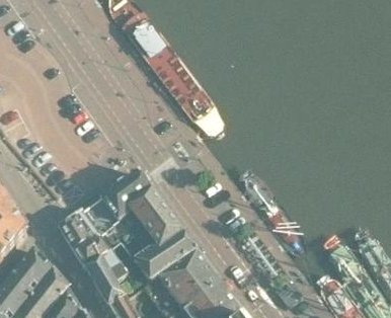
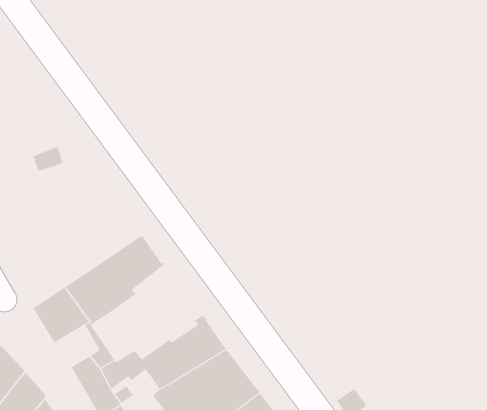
building: [101,192,181,262] -> none
building: [74,236,106,266] -> none

